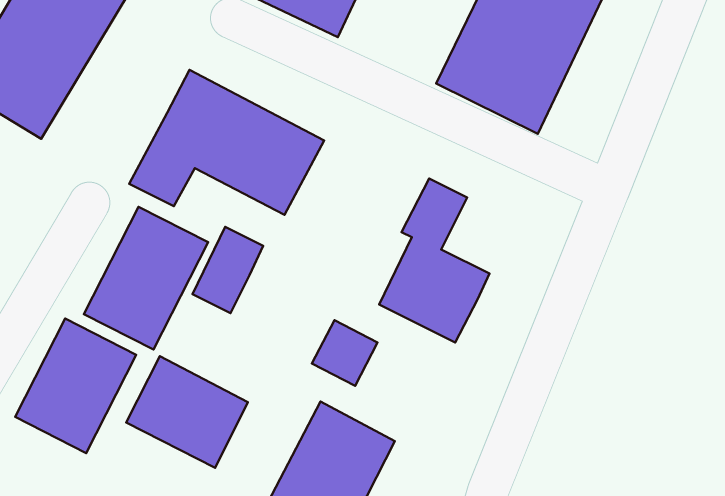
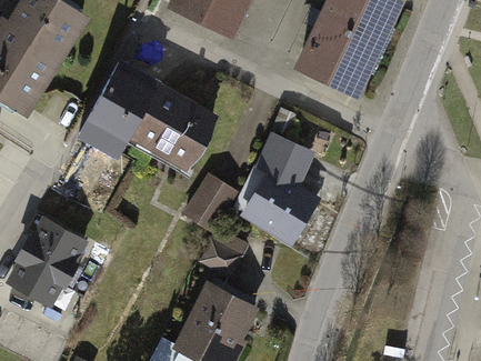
building: [84,207,208,349] -> none
building: [193,227,263,313] -> [186,169,231,224]
building: [126,356,248,468] -> none

